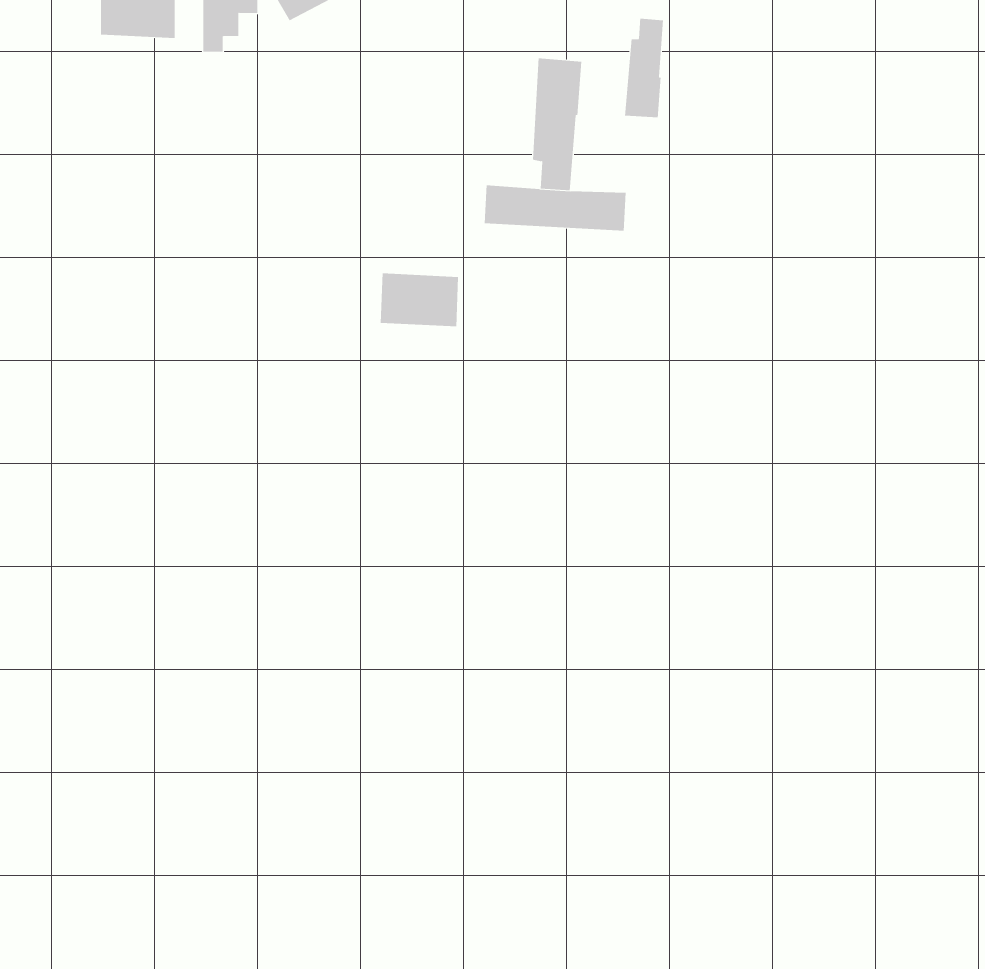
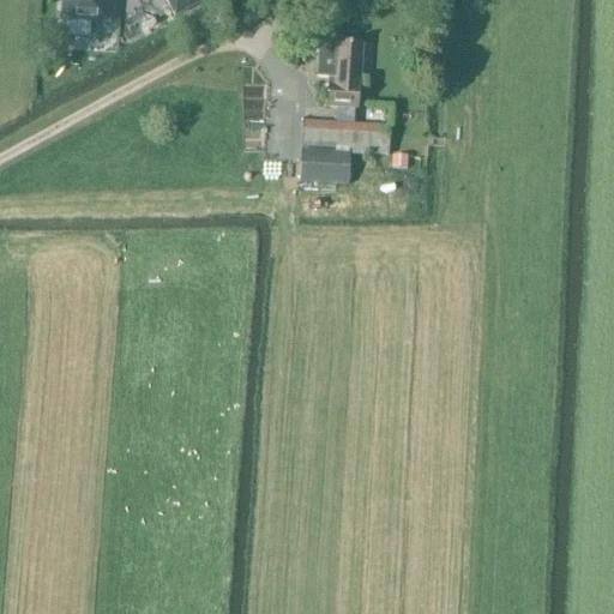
building: [624,18,663,118] -> none
building: [380,273,459,327] -> [300,143,349,176]

